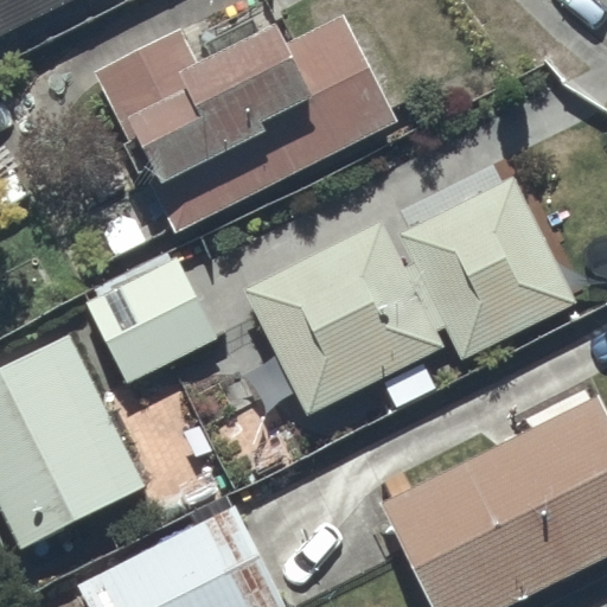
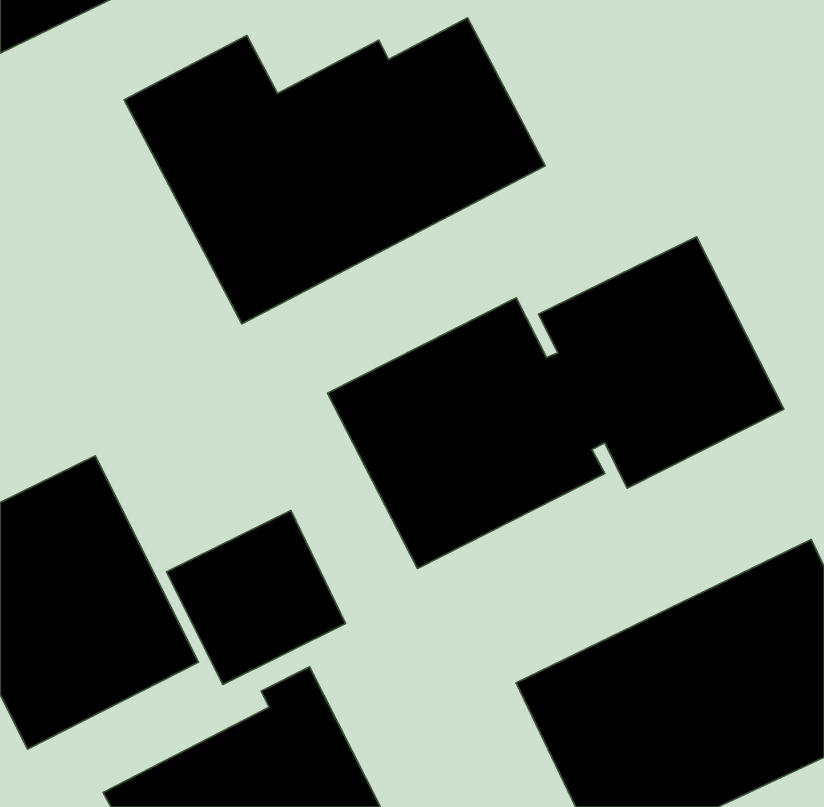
building: [84,255,216,383] -> [167,511,346,685]

